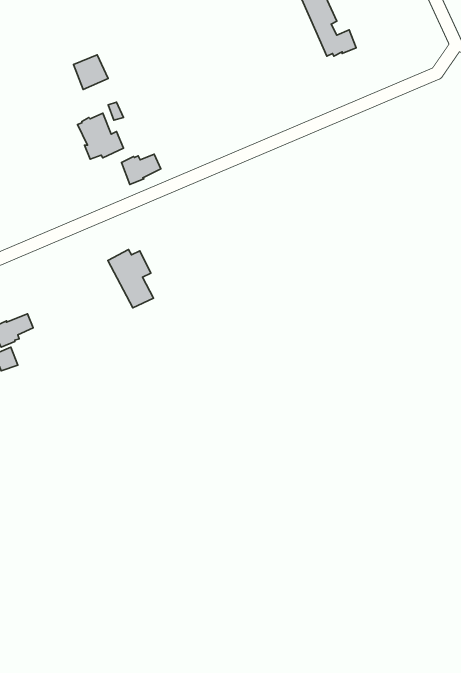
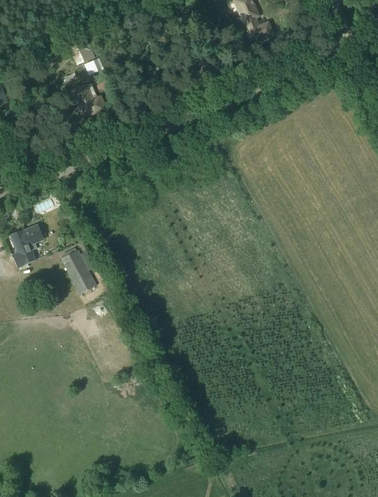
building: [122,154,161,185] -> none
building: [108,249,154,308] -> [63,250,96,292]

